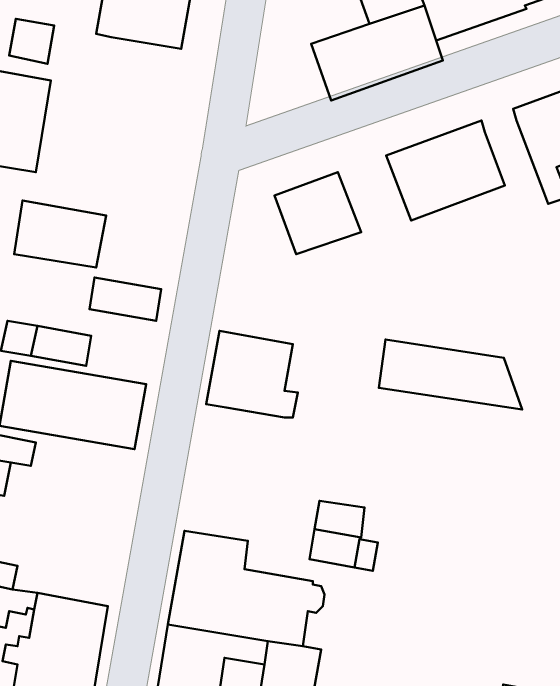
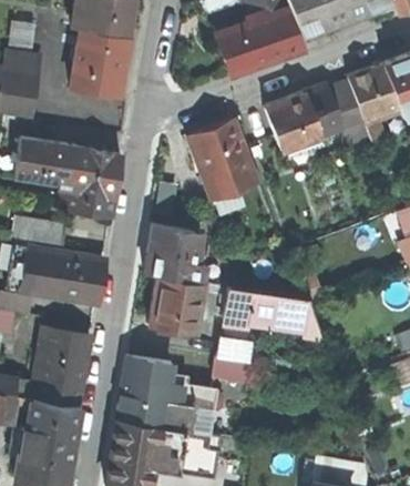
building: none -> [72,30,129,97]
building: none -> [330,85,369,140]
building: none -> [71,149,123,198]
building: none -> [205,160,257,209]
building: [379,340,522,410] -> [225,287,320,334]
building: none -> [150,276,203,335]
building: none -> [33,331,92,408]

